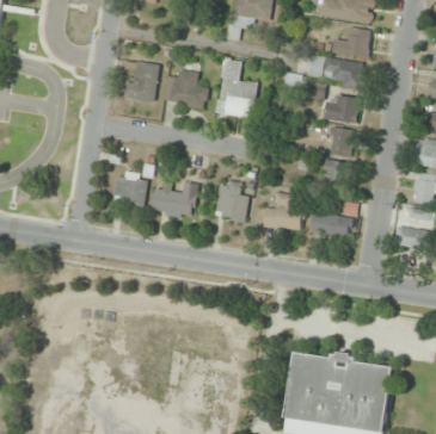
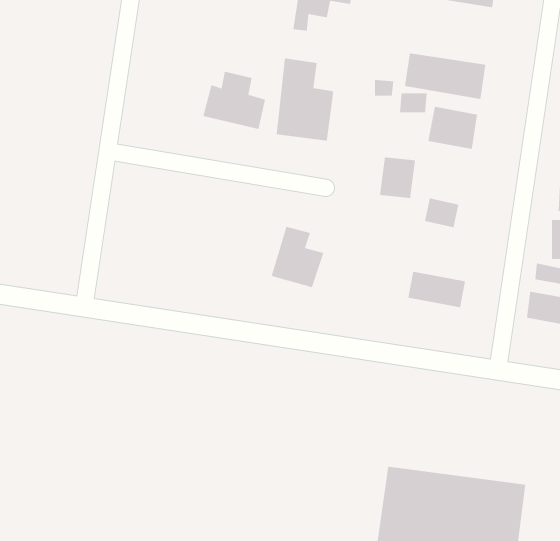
building: [331,26,370,56] -> none
building: [122,60,158,100] -> none
building: [327,126,354,156] -> [379,157,416,198]
building: [115,172,145,203] -> none
building: [149,180,197,216] -> none
building: [263,192,302,229] -> none

